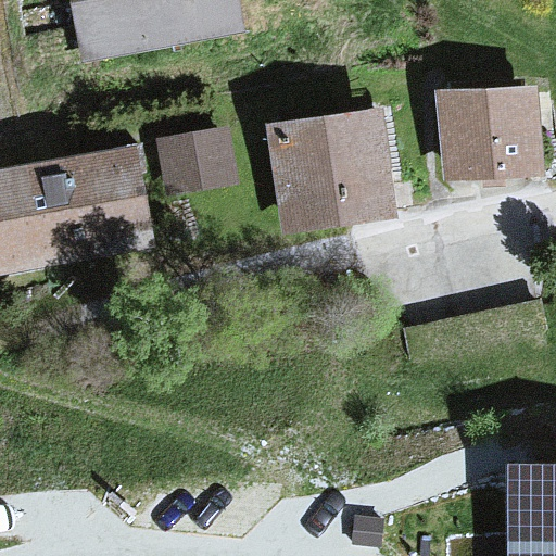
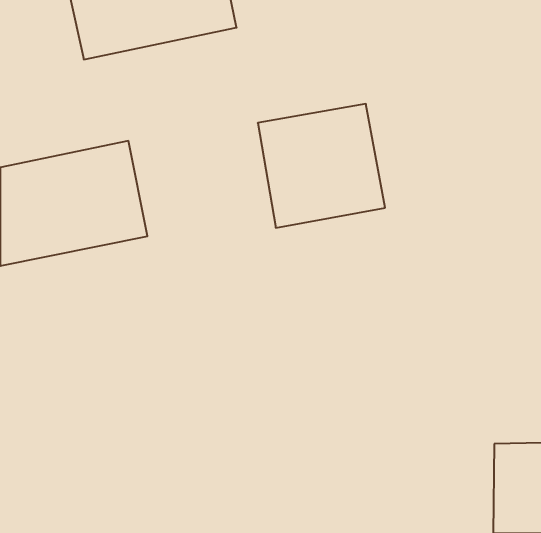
building: [433,85,540,182] -> none
building: [161,128,233,197] -> none

